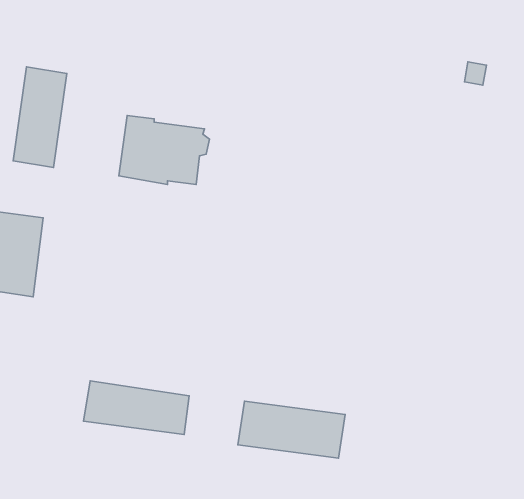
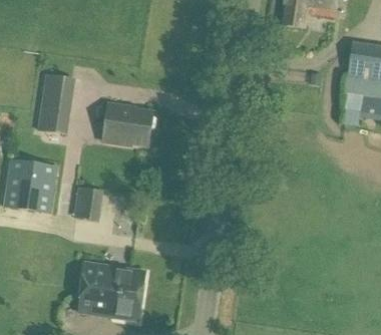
building: none -> [74,187,101,221]
building: [238,401,345,458] -> [77,286,141,320]

